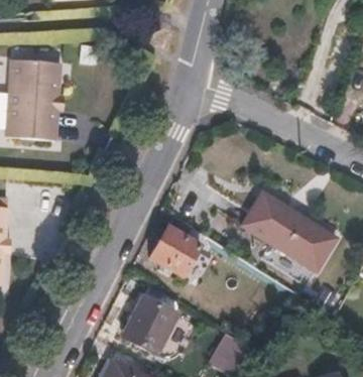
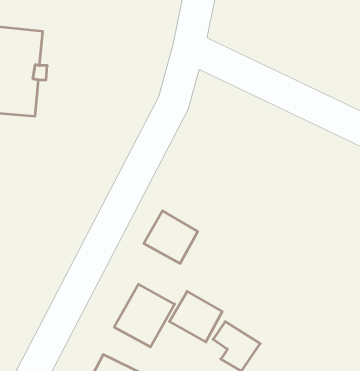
building: [243,193,338,272] -> none
building: none -> [169,291,222,342]

